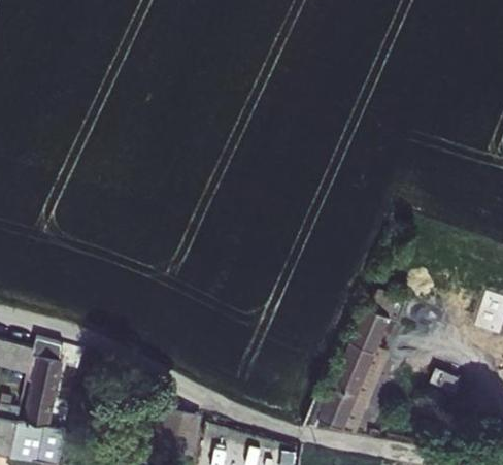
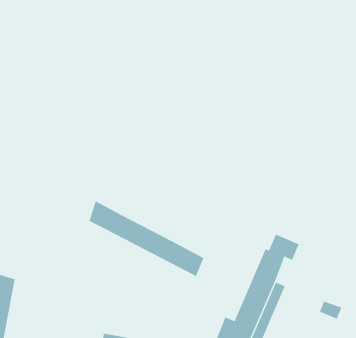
building: none -> [89,200,204,277]

